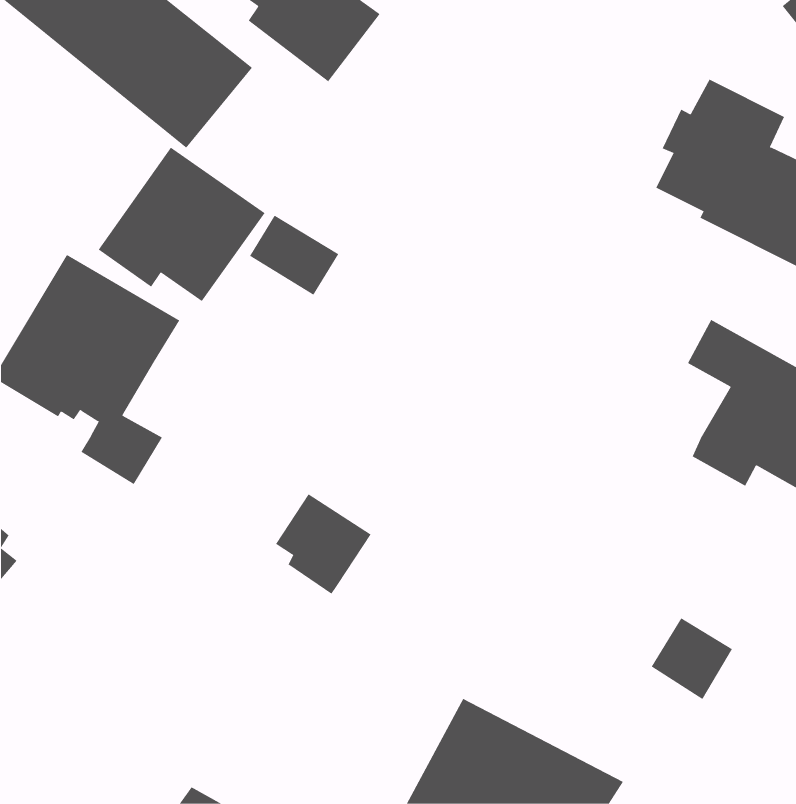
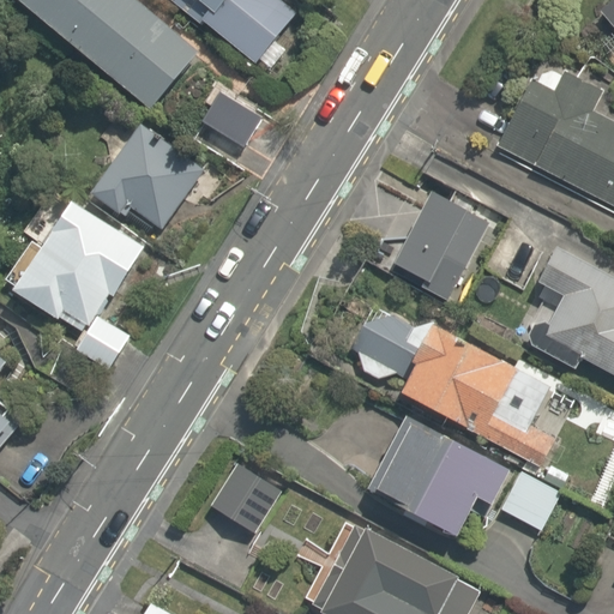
building: [249,215,339,295] -> [195,88,264,149]
building: none -> [390,195,493,301]
building: none -> [353,299,558,465]
building: [275,493,371,595] -> [215,462,288,538]
building: none -> [368,419,502,534]

